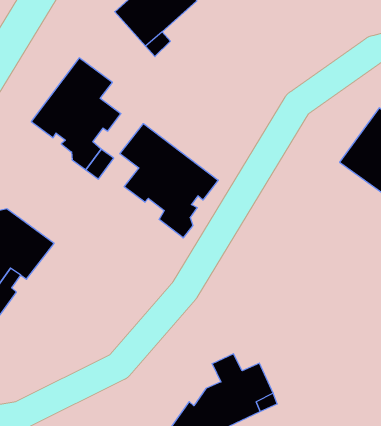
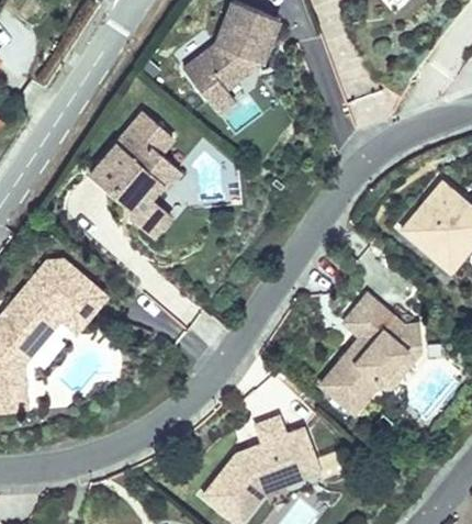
building: [120,124,218,238] -> none
building: none -> [321,294,422,413]

